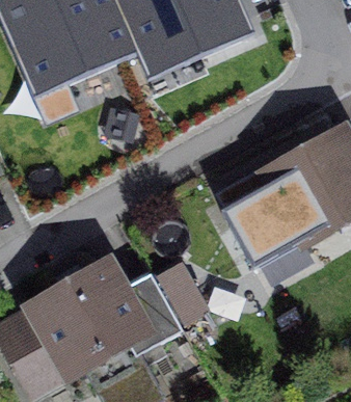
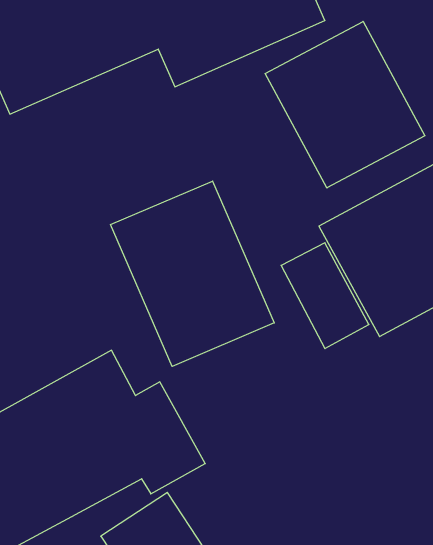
building: none -> [265,21,425,188]
building: none -> [110,181,274,366]

